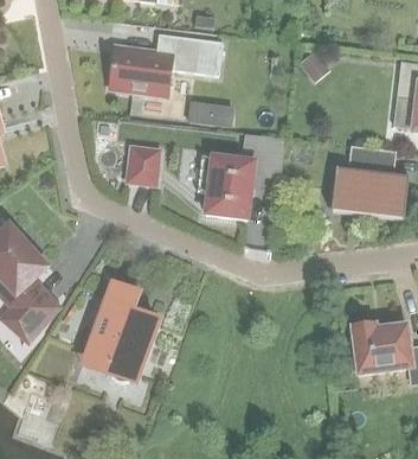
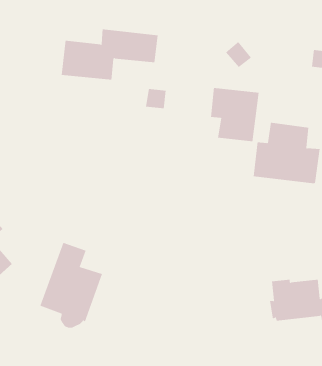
building: [124,144,160,185] -> none
building: [198,155,255,218] -> [210,88,259,142]

